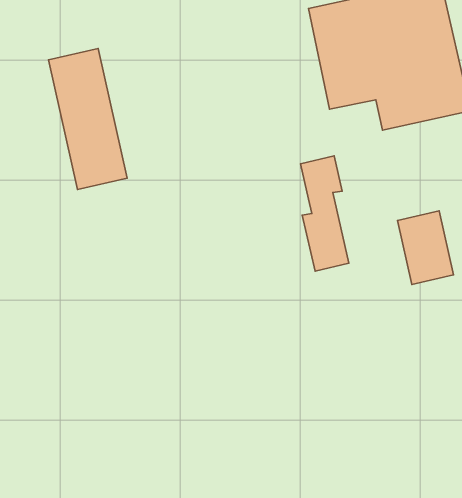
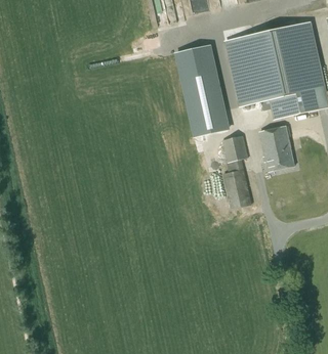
building: [49,49,127,190] -> [176,45,227,135]
building: [397,211,454,285] -> [258,124,294,171]

